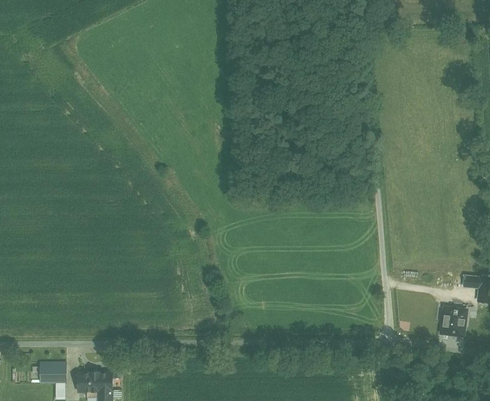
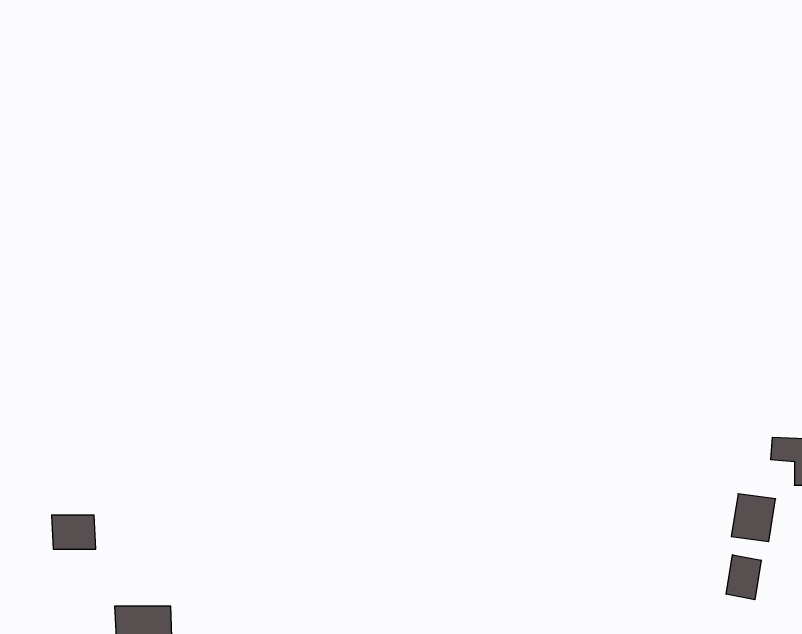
building: none -> [726,555,761,600]
building: [39,362,65,382] -> [52,515,96,549]

